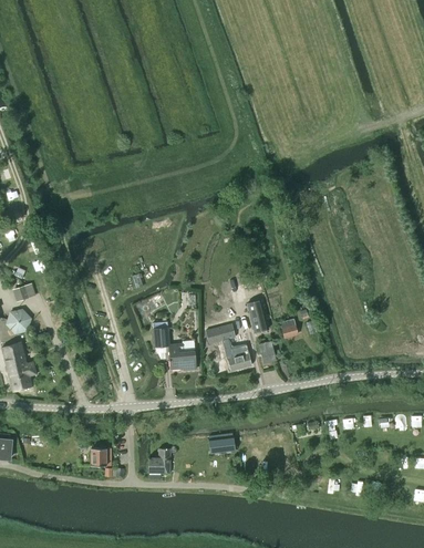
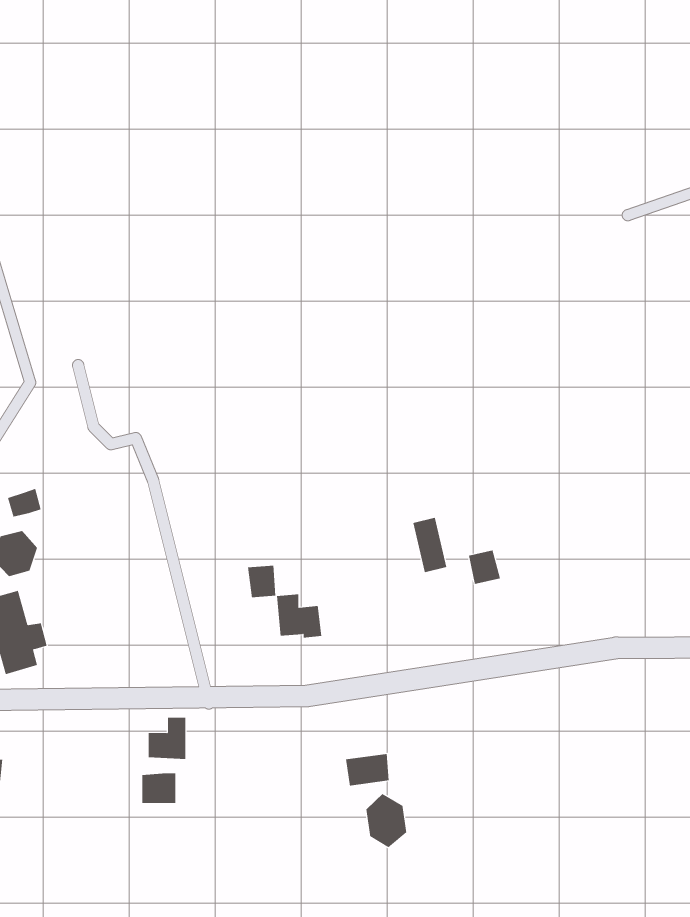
building: [206,322,252,370] -> none
building: [148,447,170,472] -> [148,717,186,760]
building: none -> [366,793,407,848]

